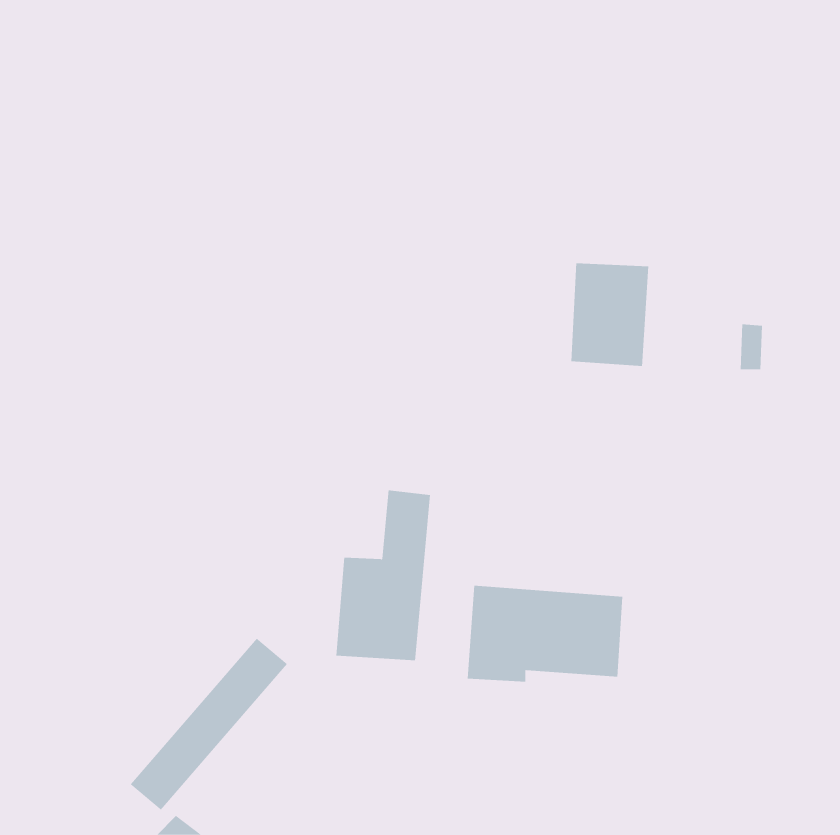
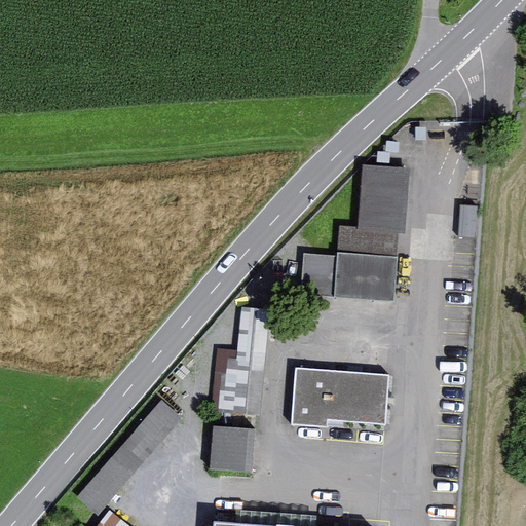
building: none -> [296,229,398,306]
building: none -> [212,425,261,473]

